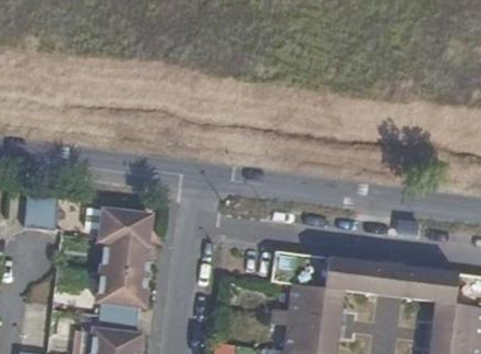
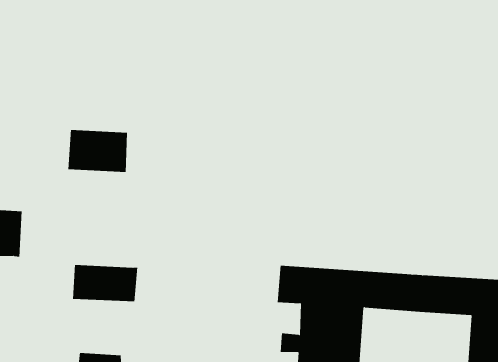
building: [99,204,153,244] -> [67,130,128,172]
building: [92,268,149,318] -> none

